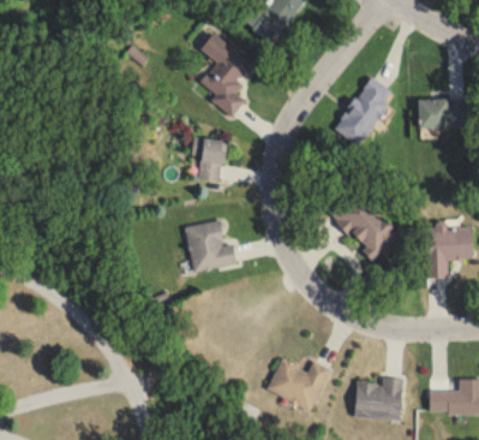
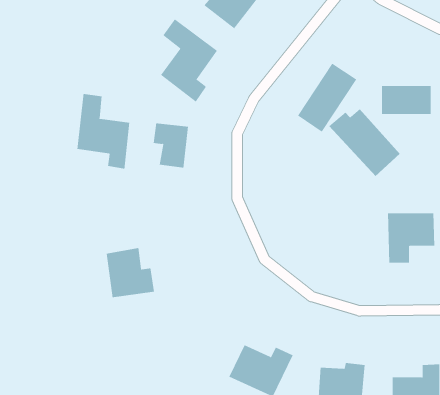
building: none -> [77,93,130,169]
building: [330,194,402,262] -> [329,108,401,177]
building: [187,220,236,270] -> [106,248,155,298]

